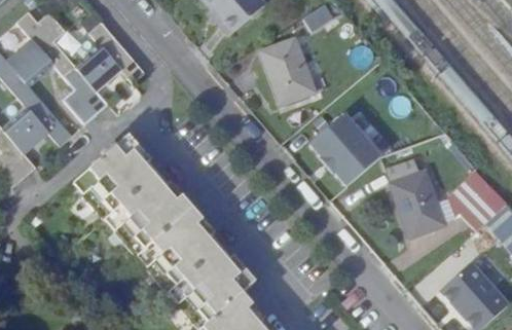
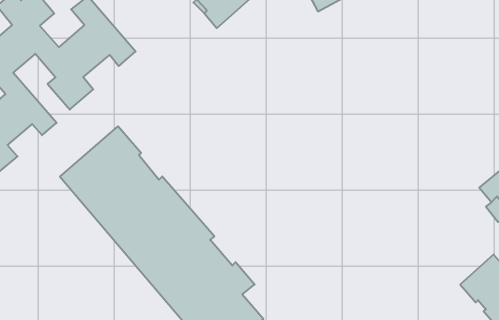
building: [259,46,316,111] -> none
building: [318,117,389,188] -> none
building: [392,153,451,232] -> none

